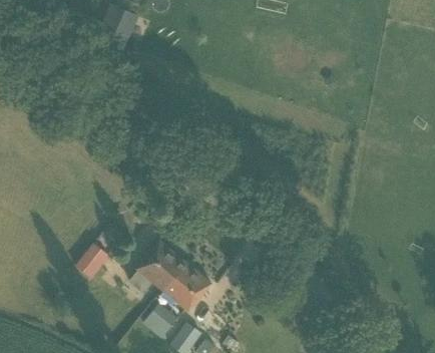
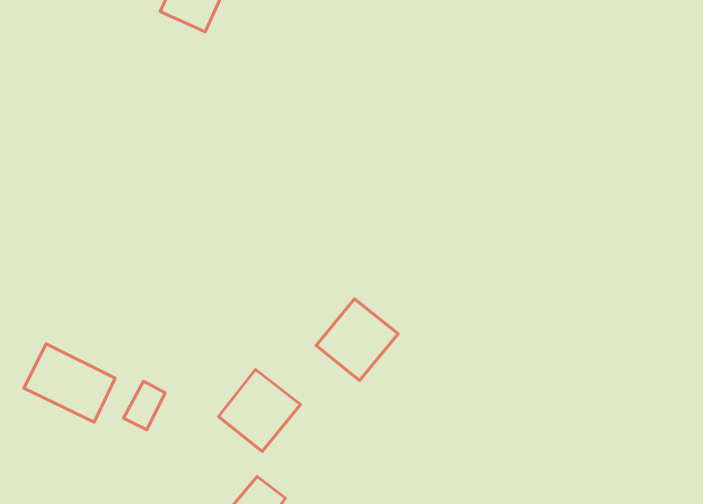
building: none -> [24,344,115,422]
building: [162,262,211,311] -> [316,299,398,381]

